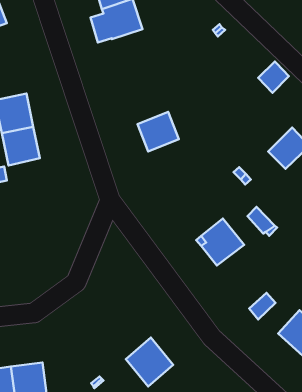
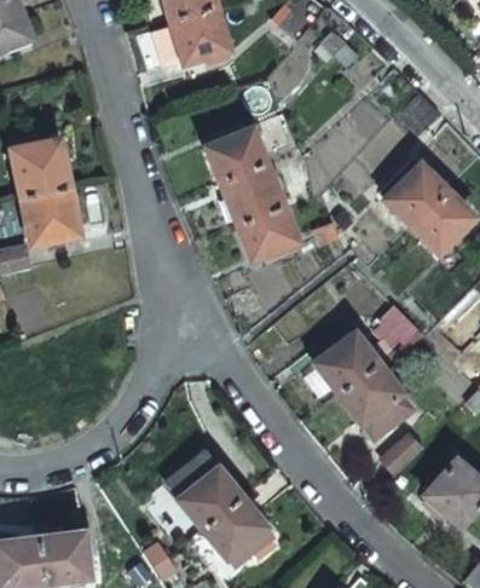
building: none -> [207,131,266,185]
building: none -> [384,162,447,225]
building: none -> [237,207,296,260]
building: none -> [337,362,415,439]
building: none -> [167,454,241,529]

